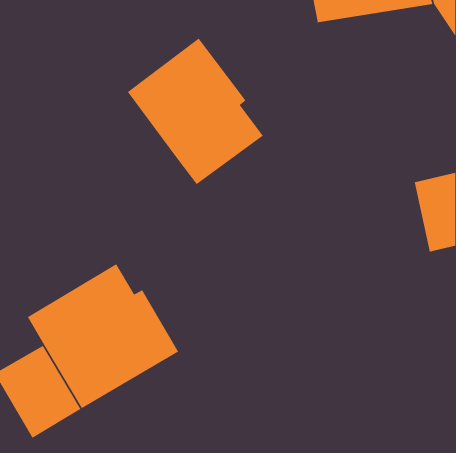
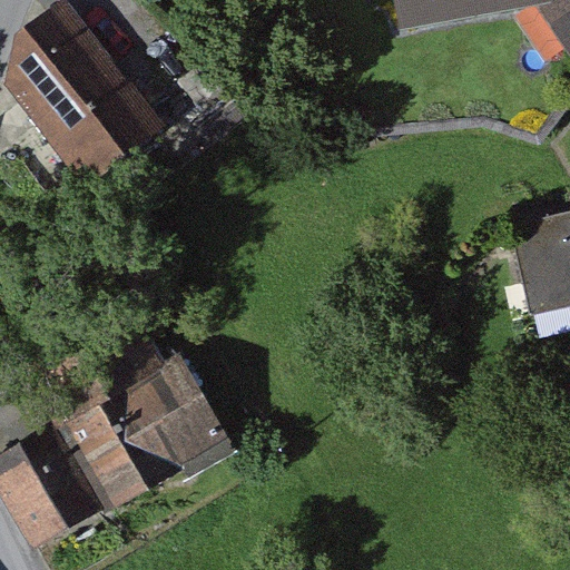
building: none -> [10,4,169,195]
building: [127,38,264,185] -> none

